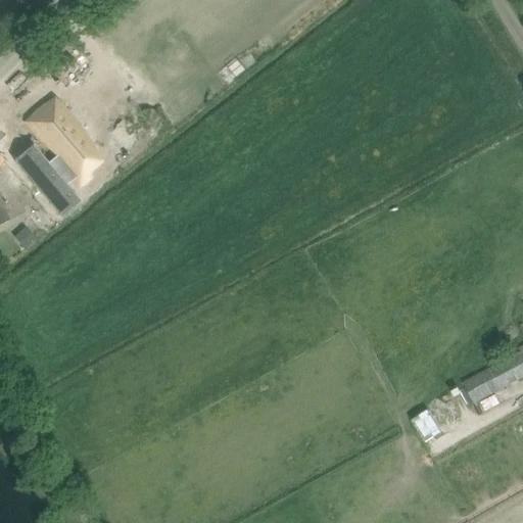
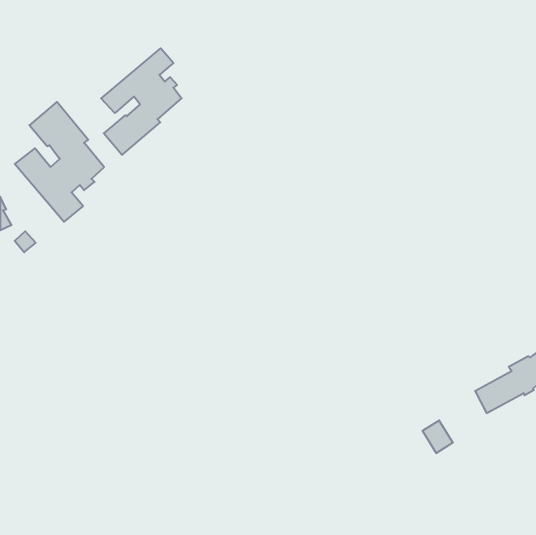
building: none -> [101,48,182,155]

